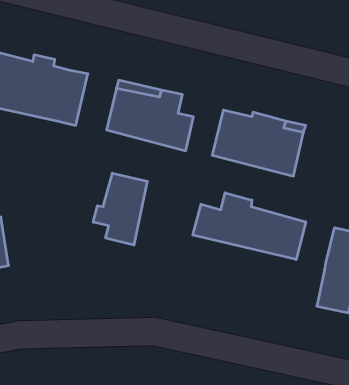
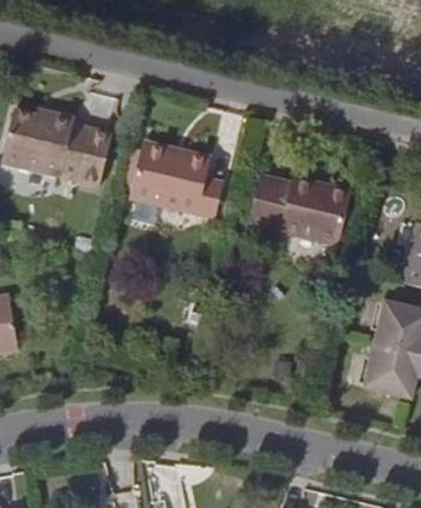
building: [93,173,147,245] -> none
building: [193,193,306,260] -> none

